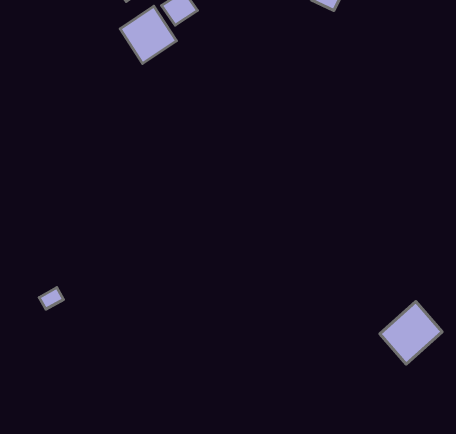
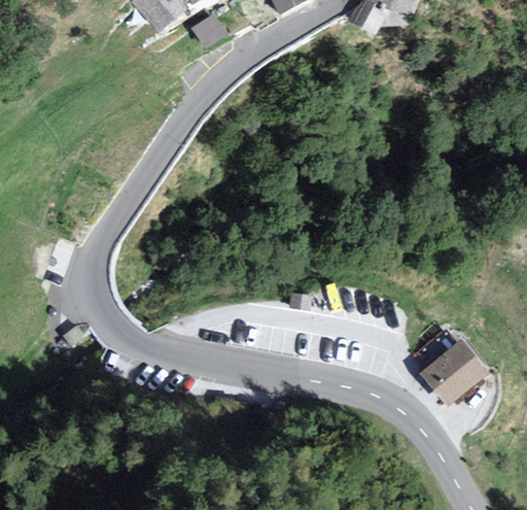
building: [120,6,176,63] -> none

